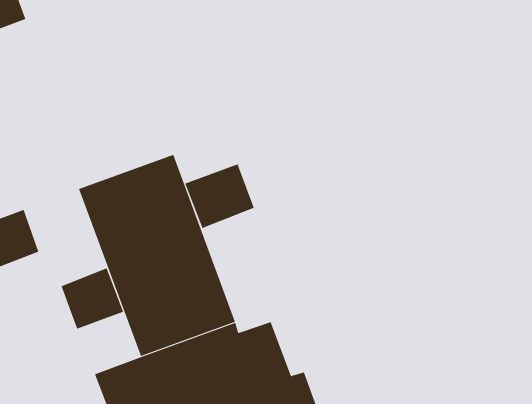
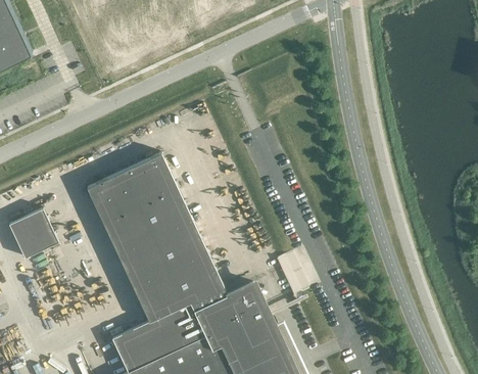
building: [184,163,254,229] -> none
building: [61,267,124,330] -> none

